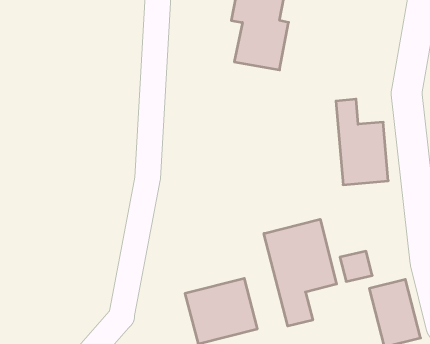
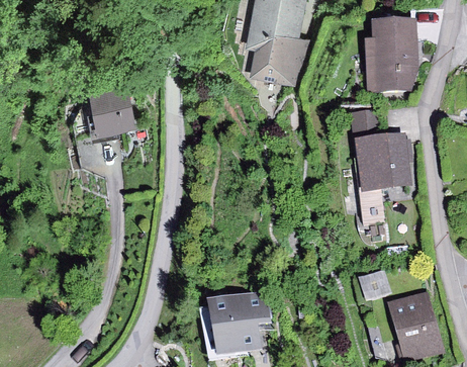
building: none -> [367,19,412,92]
building: none -> [92,89,133,131]
building: [264,219,337,326] -> none

